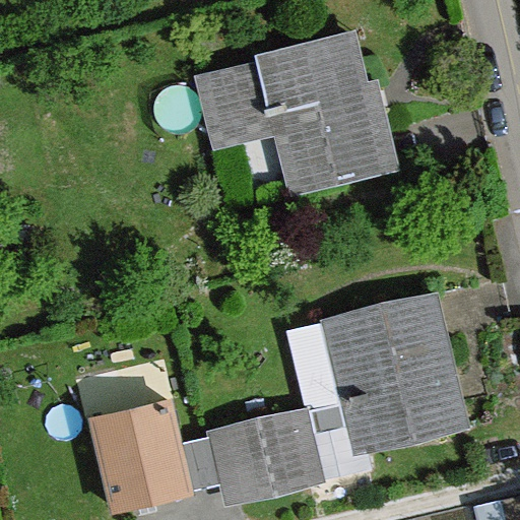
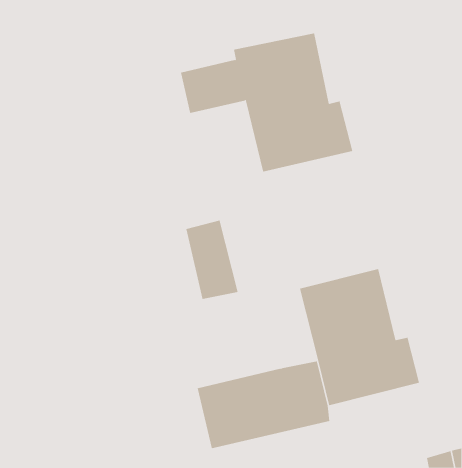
building: [294,320,352,408] -> [186,220,239,299]
building: [89,401,184,507] -> none

